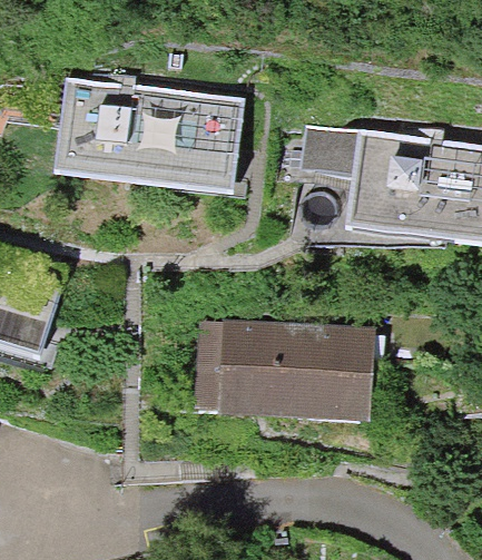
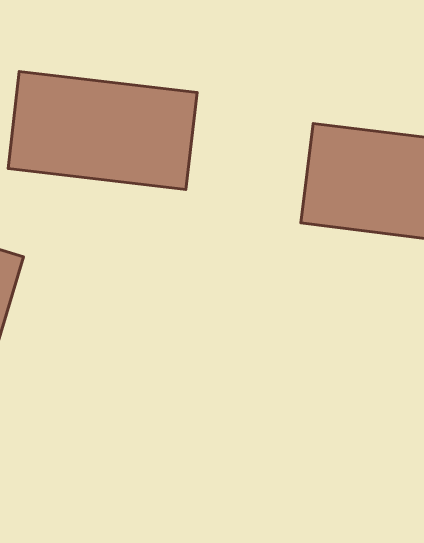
building: [189,317,374,422] -> none

